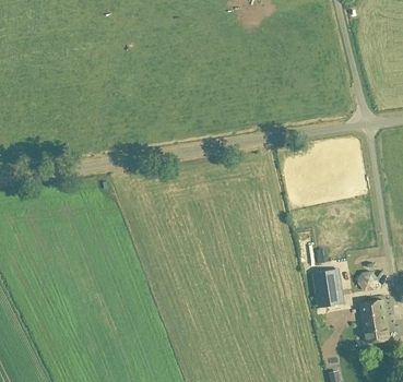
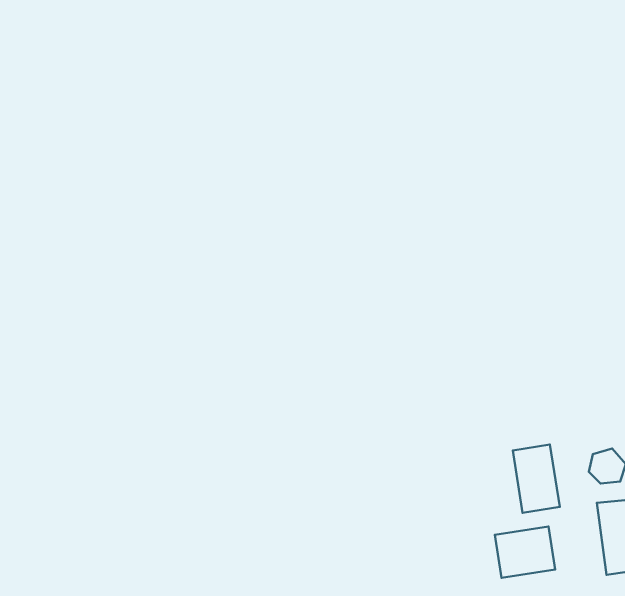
building: none -> [495,527,555,578]

